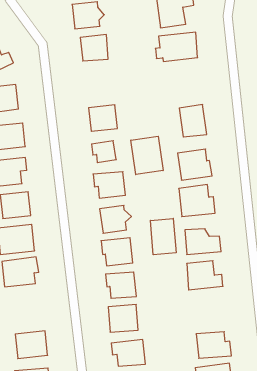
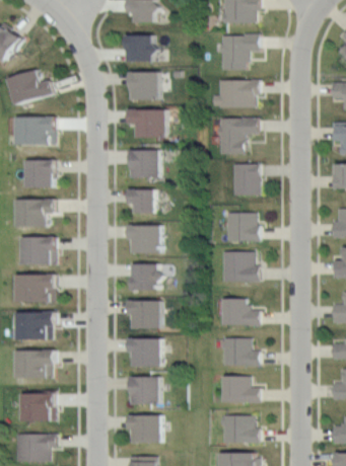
building: none -> [216,118,259,155]
building: none -> [127,109,165,138]
building: [131,136,163,175] -> none
building: [150,218,176,255] -> none
building: none -> [15,352,54,379]
building: none -> [222,376,259,403]

